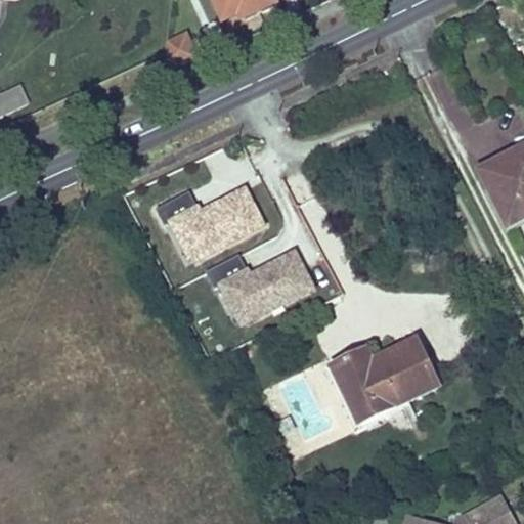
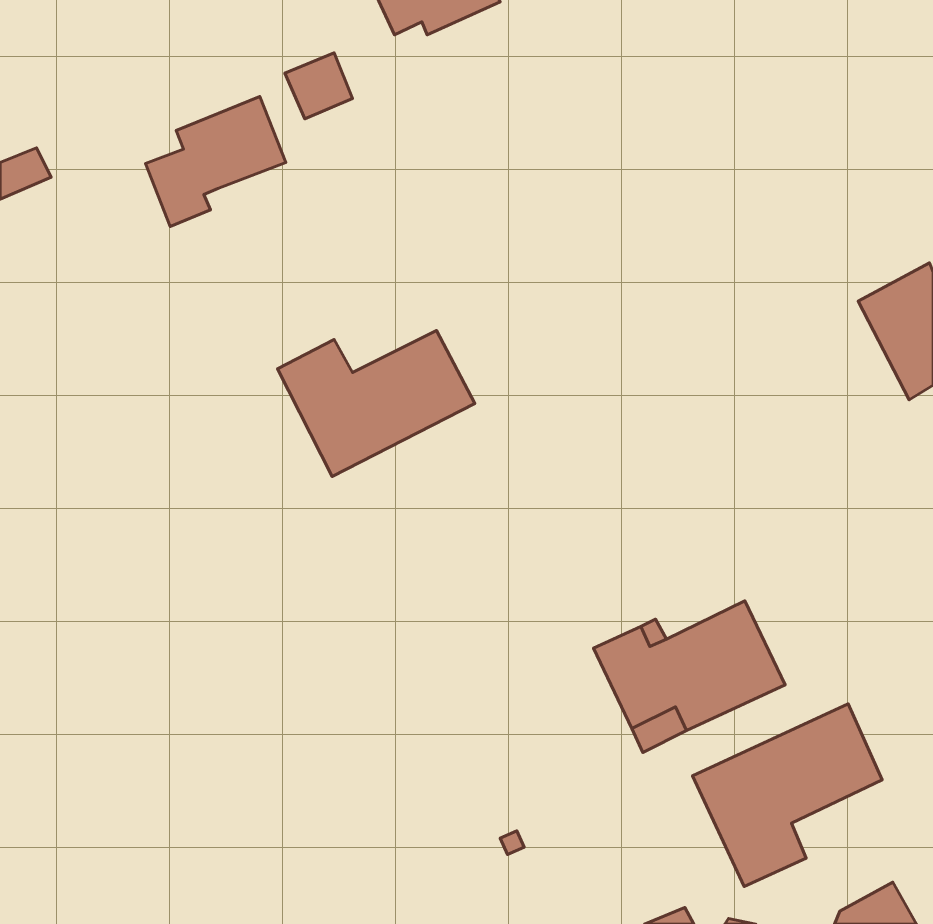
building: none -> [145,96,286,226]
building: [209,248,315,328] -> none
building: none -> [692,704,882,887]

